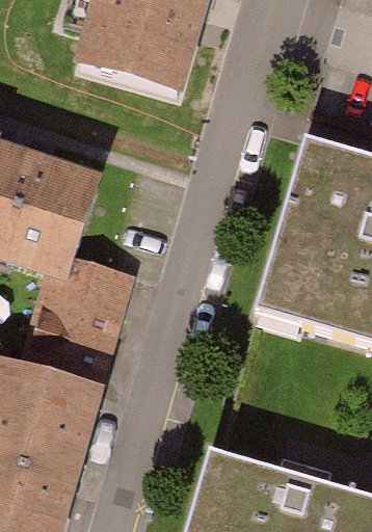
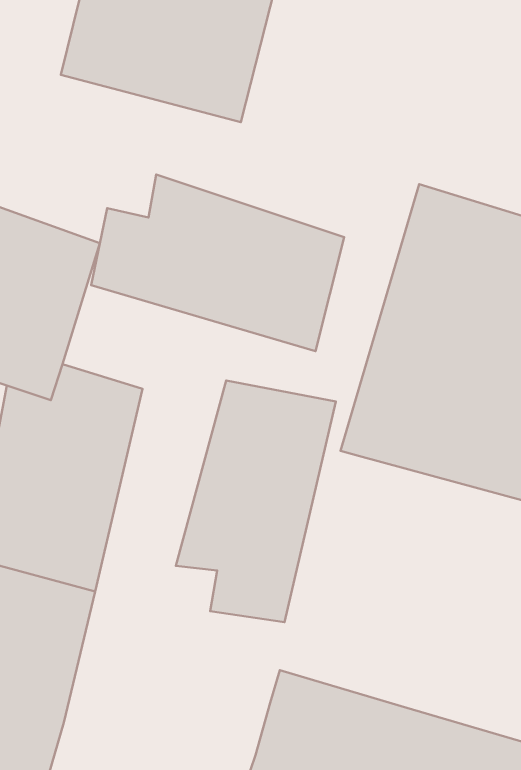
building: none -> [91,174,344,351]
building: none -> [176,381,336,622]

